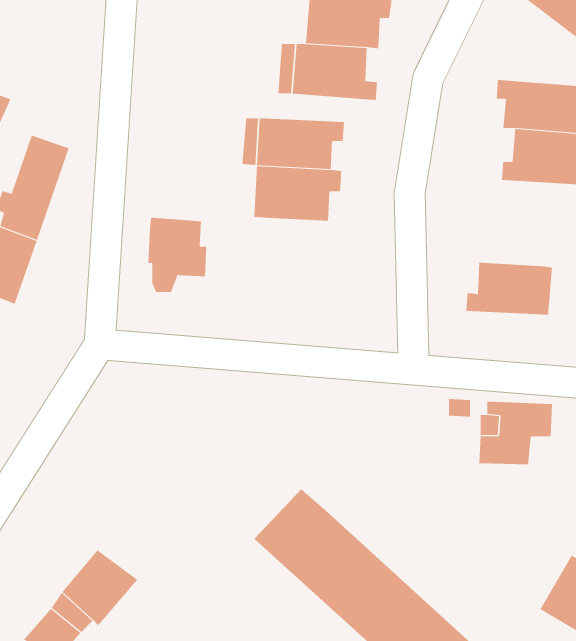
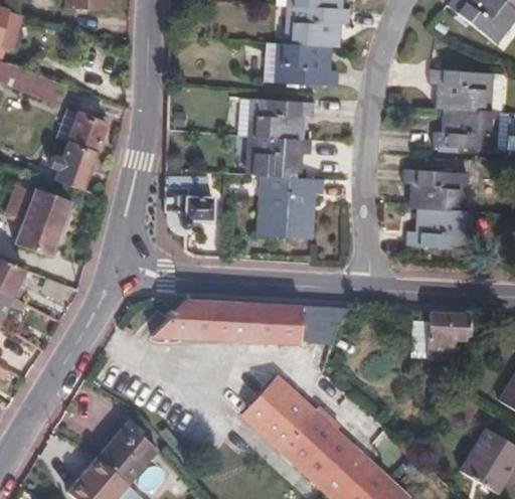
building: none -> [402,170,468,211]
building: none -> [258,175,322,238]
building: none -> [155,300,354,346]

